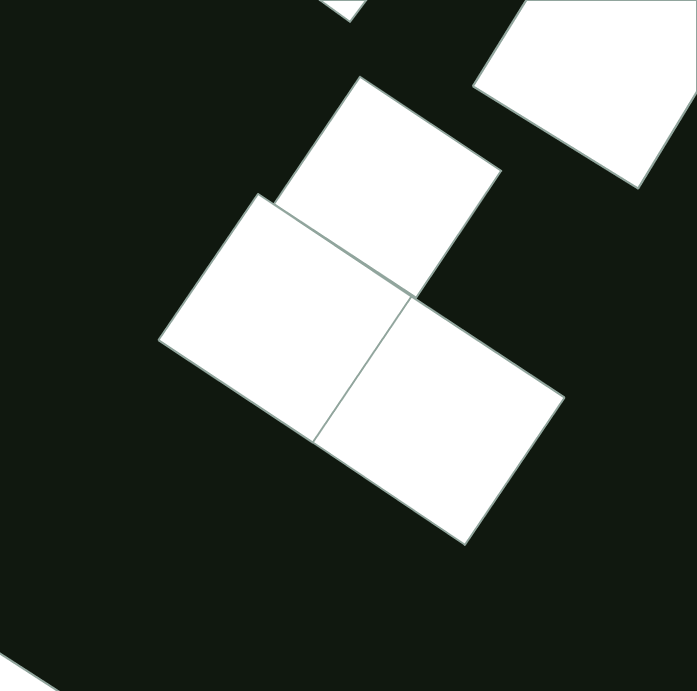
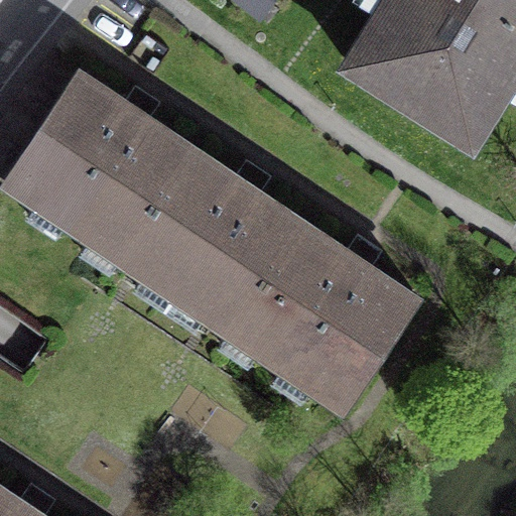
building: [274,77,501,298] -> none
building: none -> [6,74,190,256]

